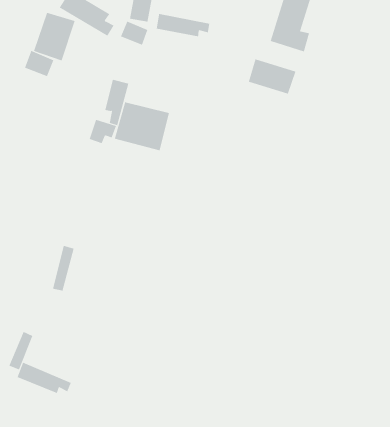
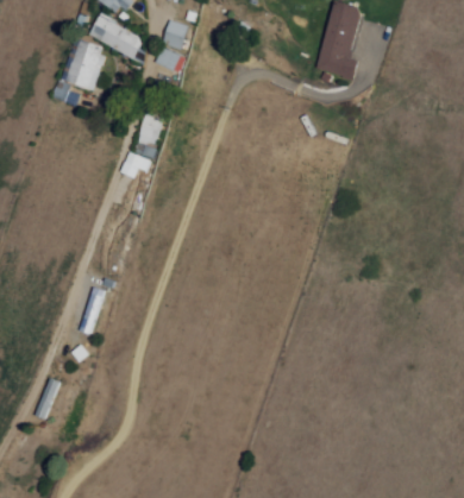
building: [156,13,210,37] -> none
building: [248,59,296,94] -> none
building: [114,101,170,151] -> none
building: [17,362,71,394] -> none

